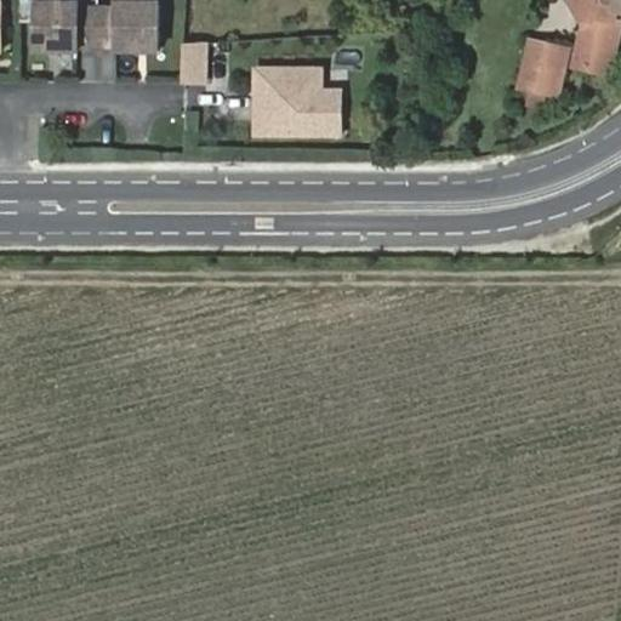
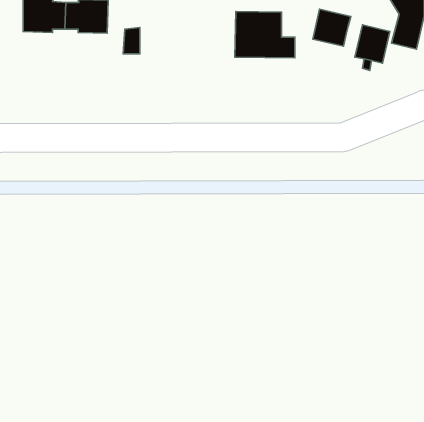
building: none -> [313,9,351,46]
building: [252,67,340,135] -> [235,11,295,58]

